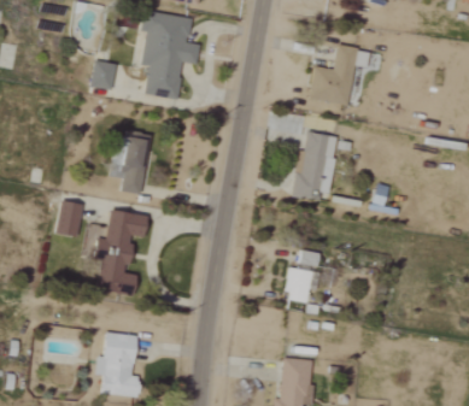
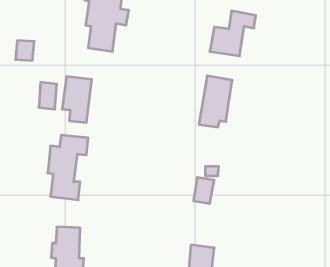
building: [89,61,115,88] -> [15,41,34,60]
building: [57,200,81,236] -> [39,82,57,109]

